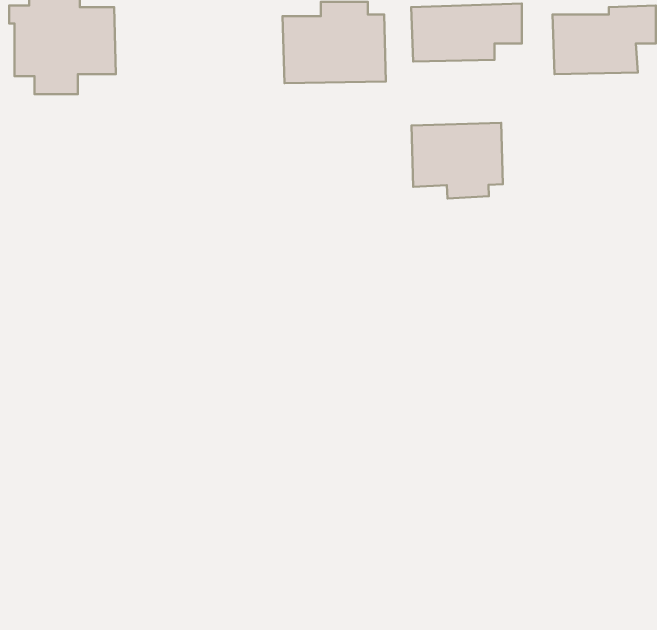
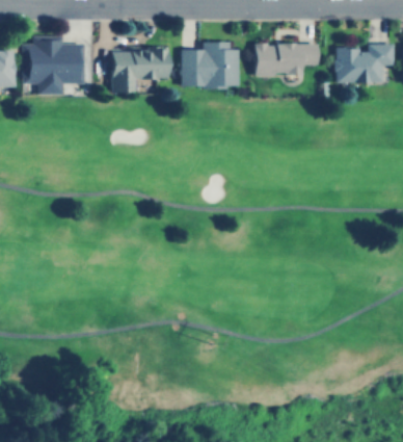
building: none -> [113,50,169,93]
building: [412,123,503,198] -> none

